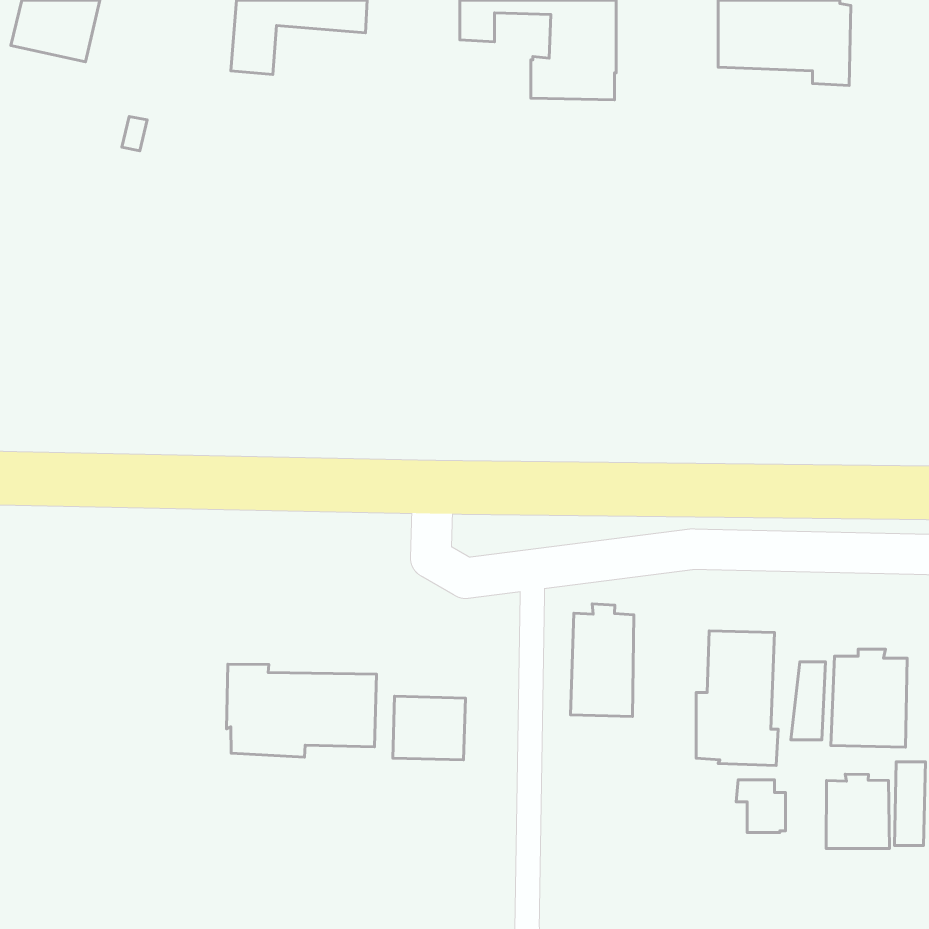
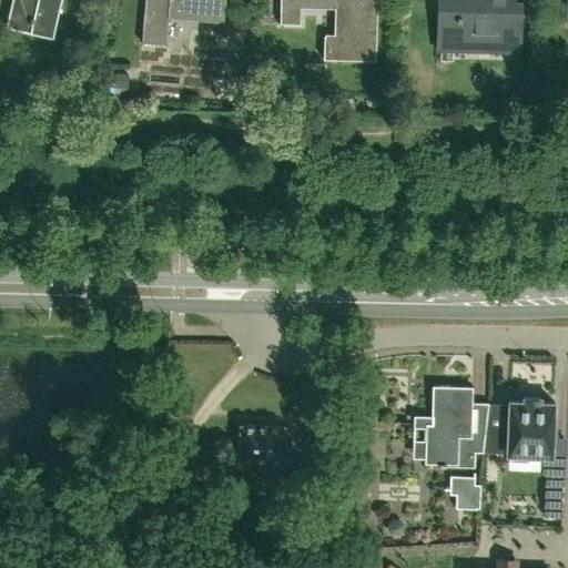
building: [571,604,634,716] -> none
building: [226,664,376,757] -> none
building: [826,774,890,849] -> none

